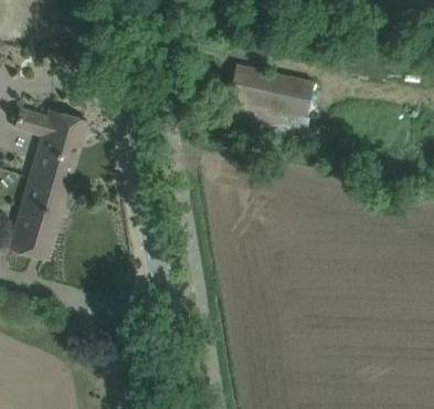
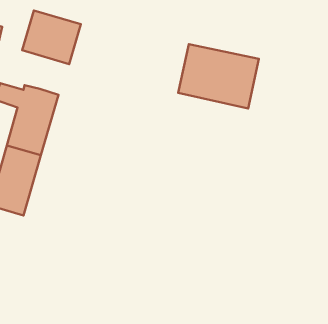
building: none -> [22,10,81,64]

